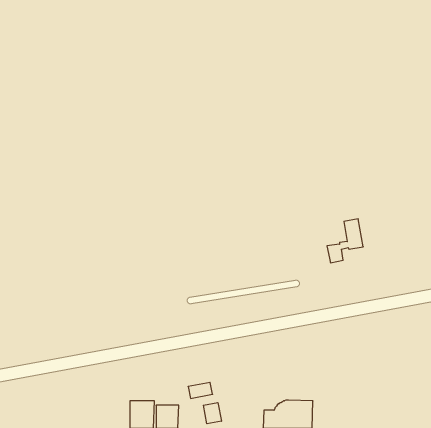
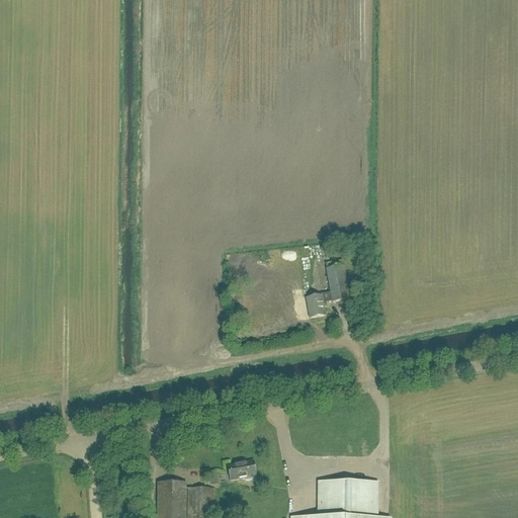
building: [327,219,363,263] -> [306,263,349,316]
building: [203,403,221,424] -> none

